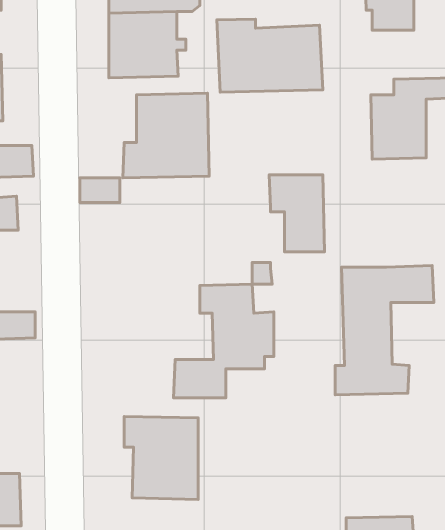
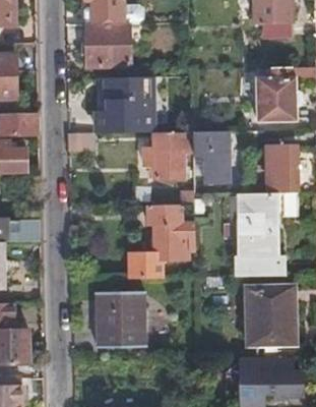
building: [217,19,323,92] -> none
building: none -> [144,131,193,176]
building: none -> [268,140,300,192]
building: none -> [251,287,299,345]

